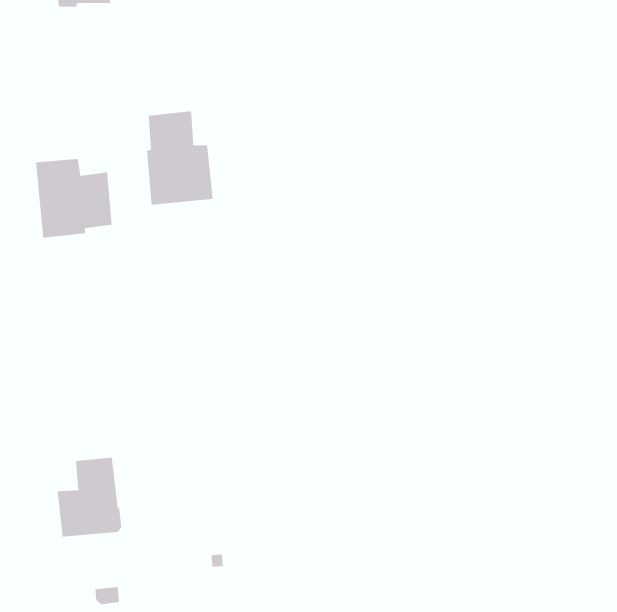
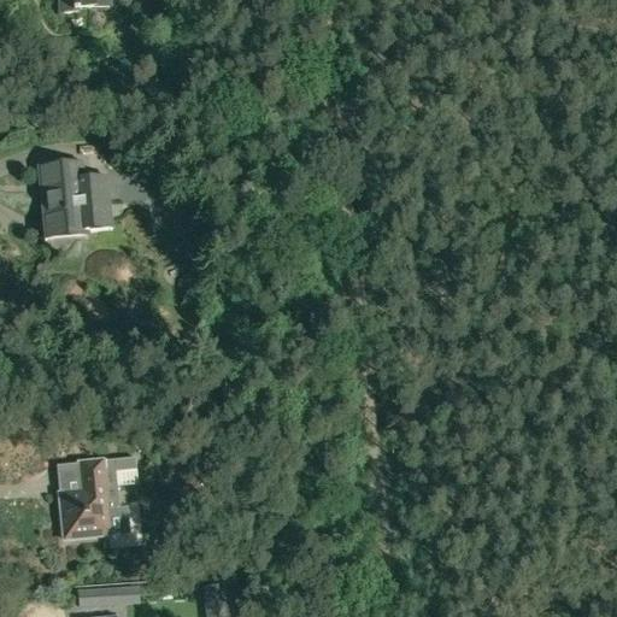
building: [147,111,213,205] -> none

